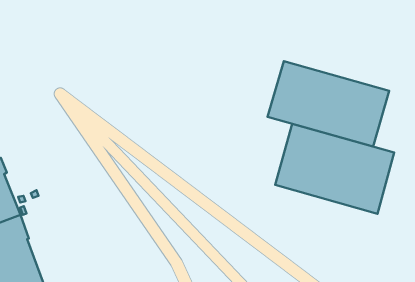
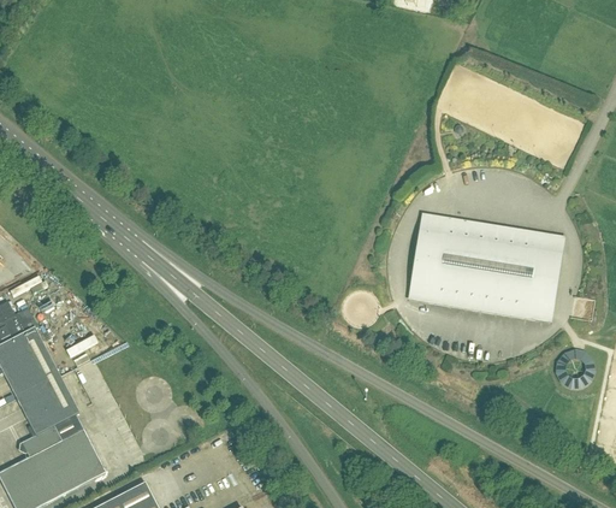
building: [268,61,389,147] -> none

